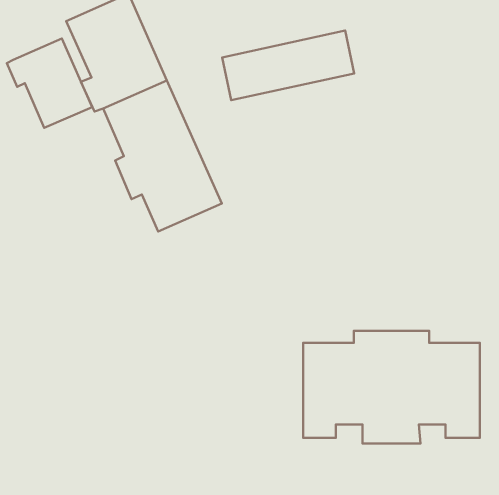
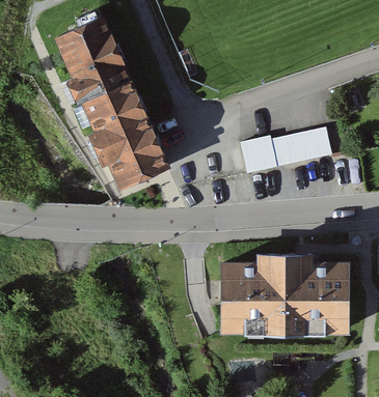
building: [222,31,354,100] -> [242,124,334,173]
building: [7,38,92,128] -> none

